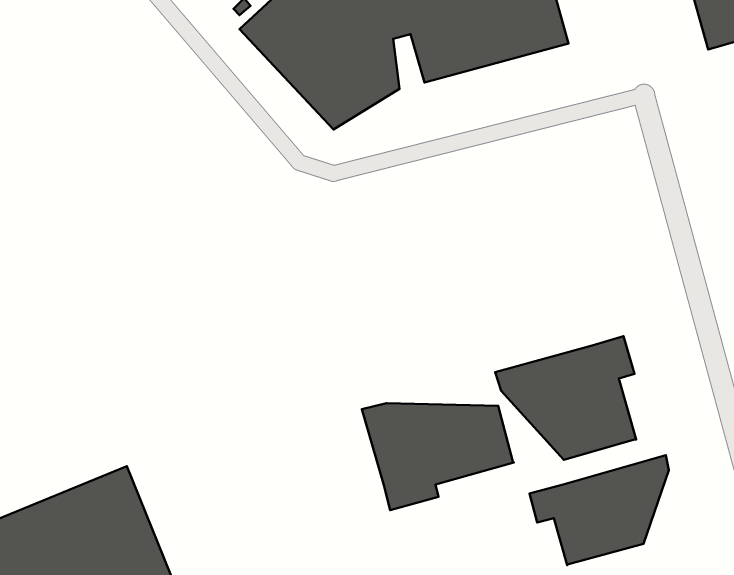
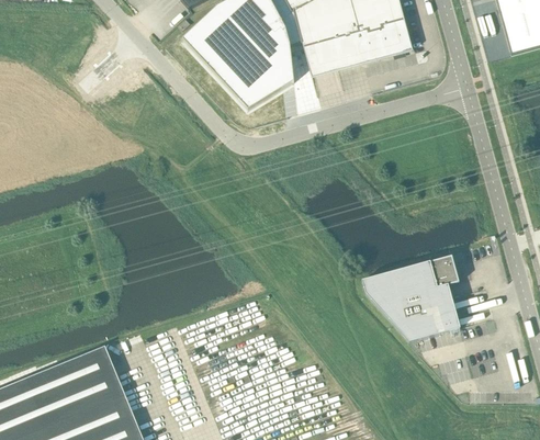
building: [362,403,514,510] -> none
building: [530,455,669,565] -> none

